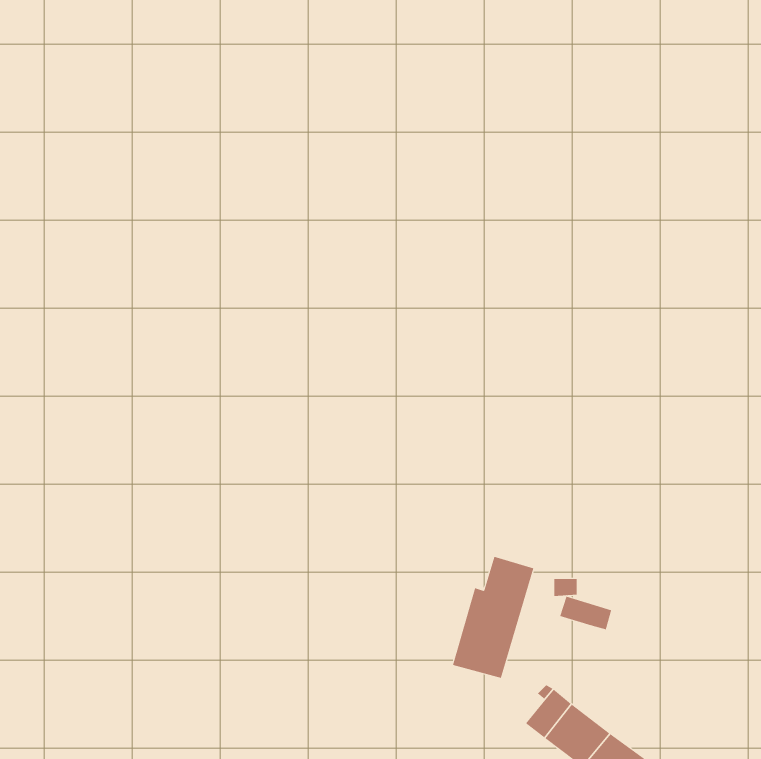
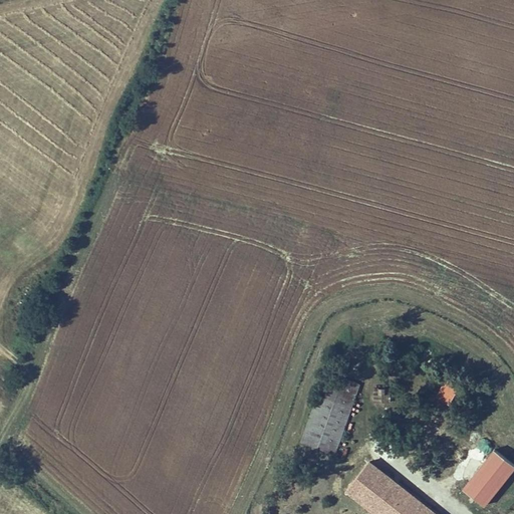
building: [559,596,612,630] -> none
building: none -> [464,454,508,505]

